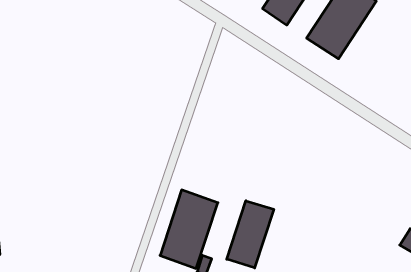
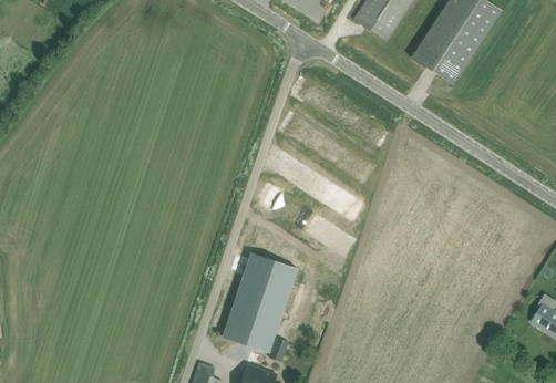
building: [227,201,274,268] -> none

